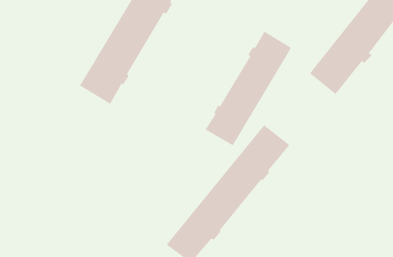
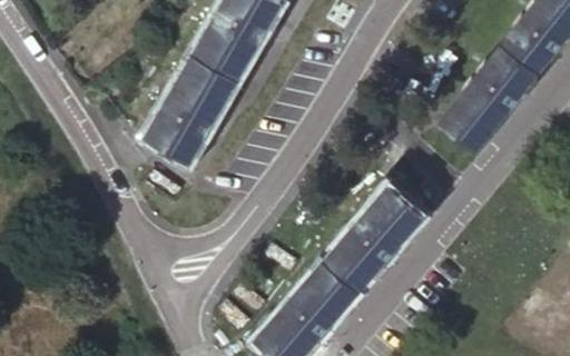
building: [205,31,292,146] -> none

